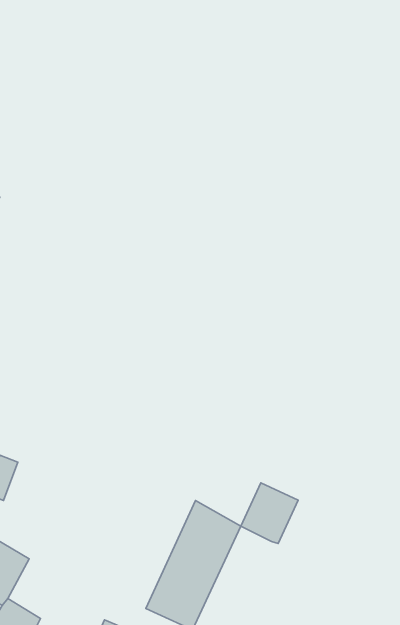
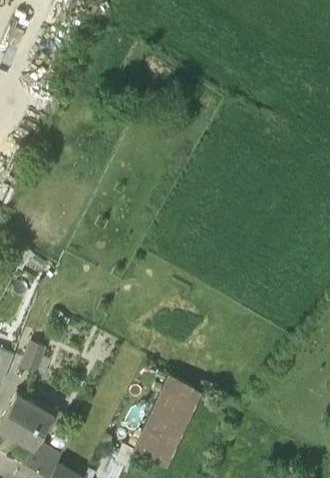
building: [241,483,298,544] -> none

